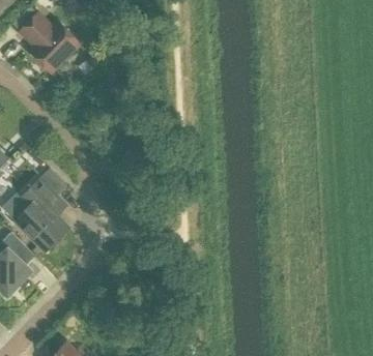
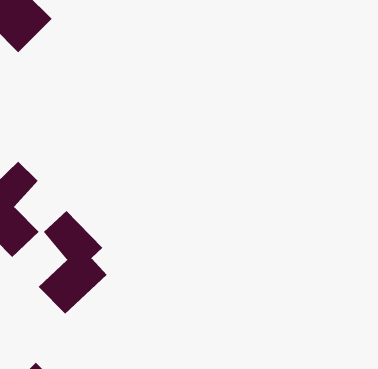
building: none -> [38,210,107,315]

